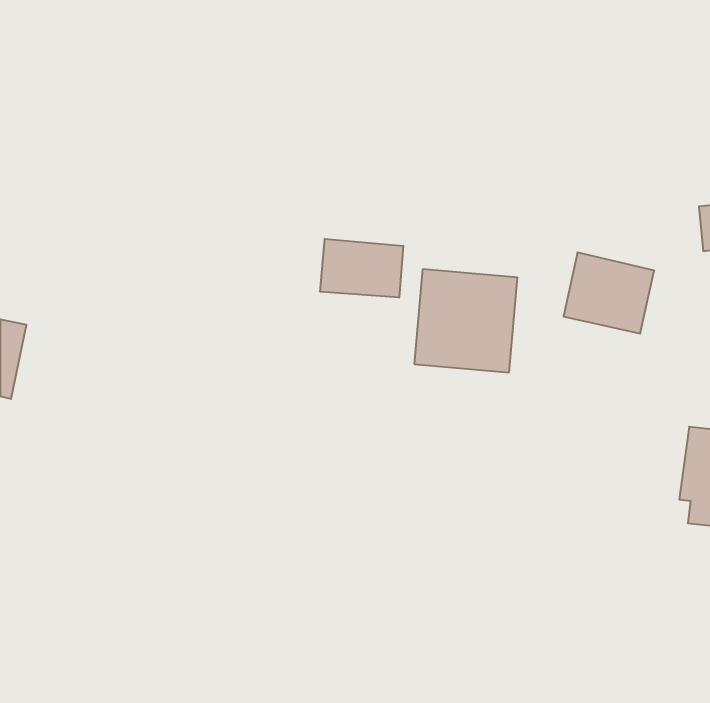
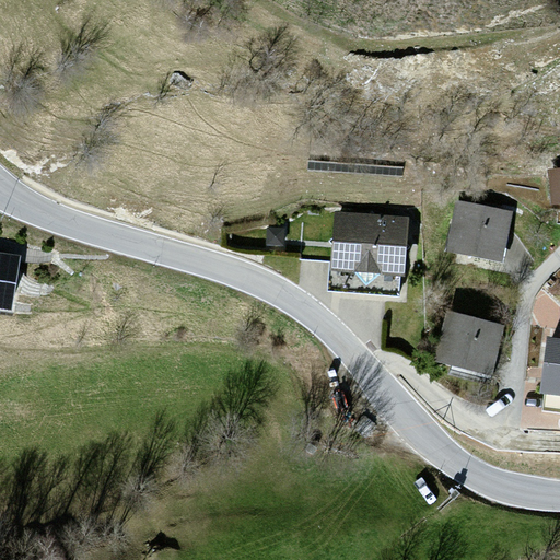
building: [320,239,403,298] -> none
building: none -> [441,307,505,371]

